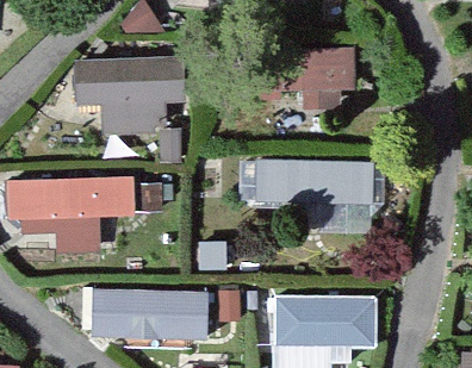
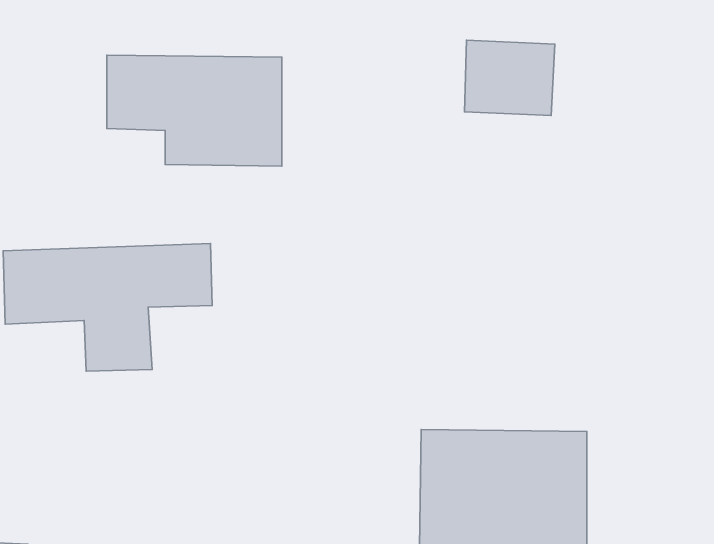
building: [242,160,374,235] -> none
building: [86,288,212,345] -> none

